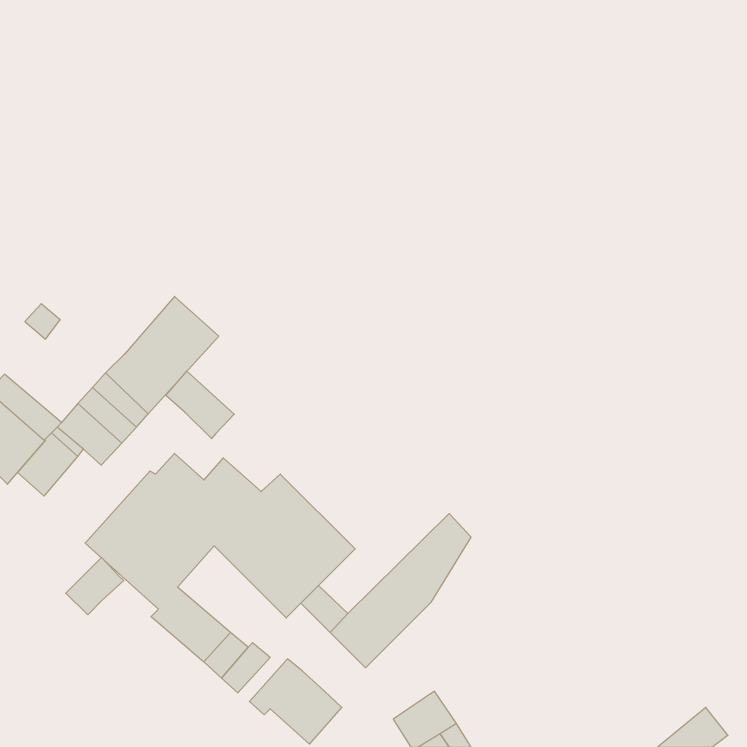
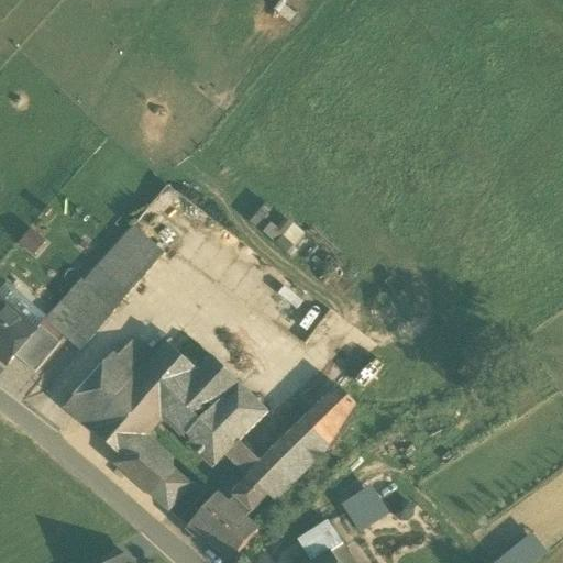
building: [166,371,234,439] -> none
building: [66,558,124,615] -> none
building: none -> [227,476,266,518]
building: none -> [339,483,388,531]

